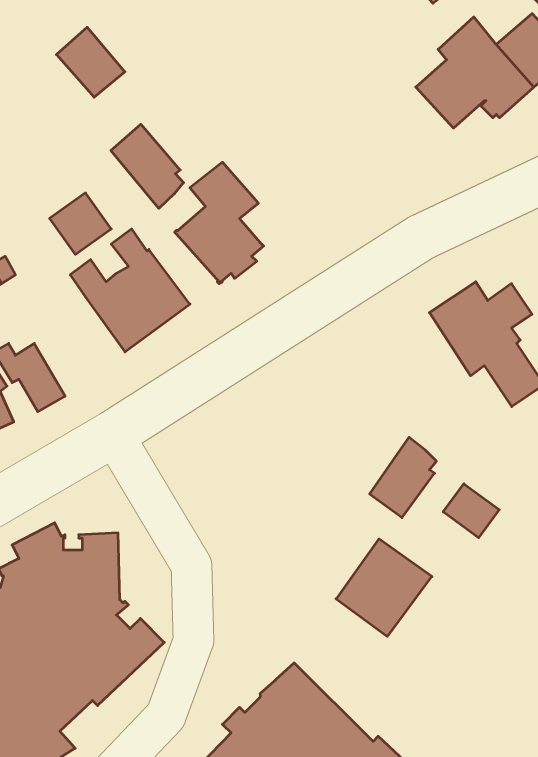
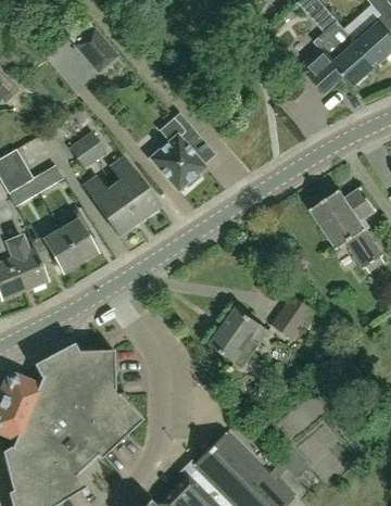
building: [111,124,184,208] -> none
building: none -> [60,208,97,262]
building: [443,484,499,538] -> none
building: [336,539,432,636] -> [209,306,269,368]

